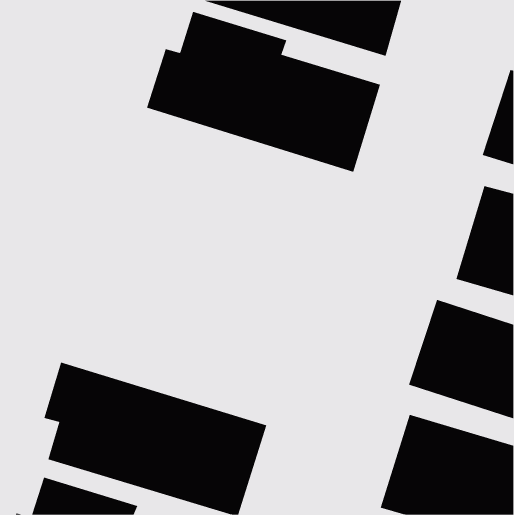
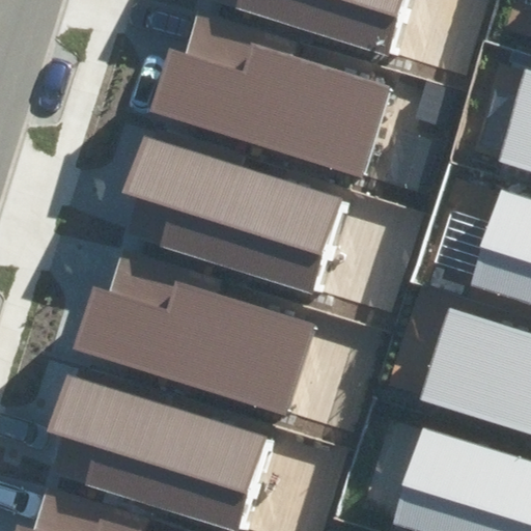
building: none -> [121,137,352,298]
building: none -> [73,249,314,414]

